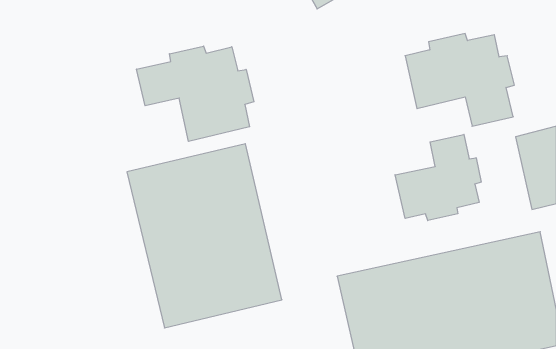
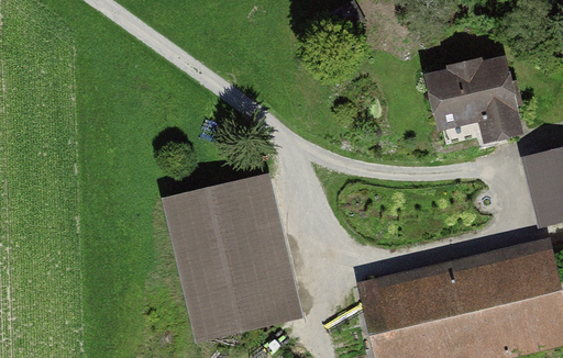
building: [137,46,254,141] -> none
building: [395,134,481,221] -> none

